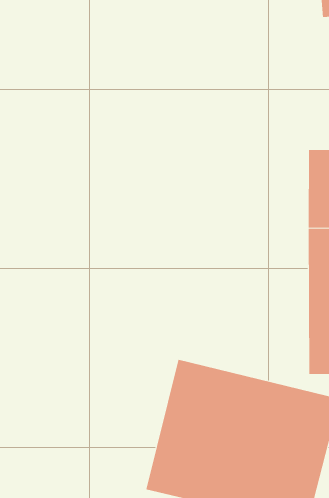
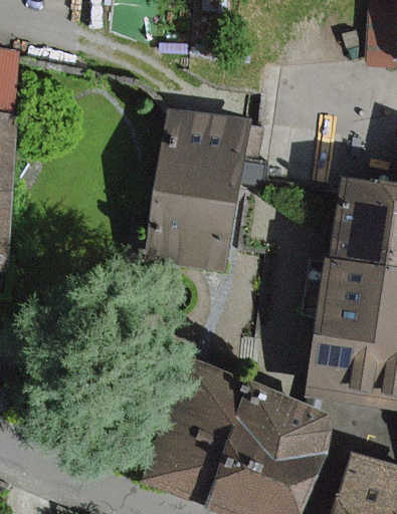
building: none -> [149,109,250,265]

